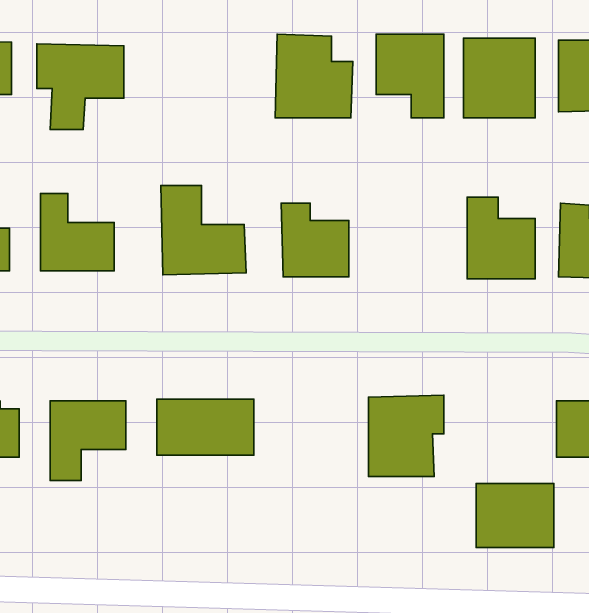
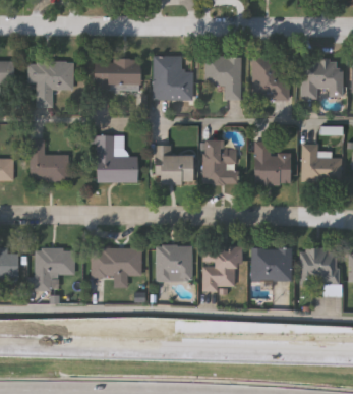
building: none -> [94,59,139,90]
building: none -> [202,139,236,184]
building: none -> [155,244,191,281]
building: [476,484,554,548] -> [251,247,292,281]

